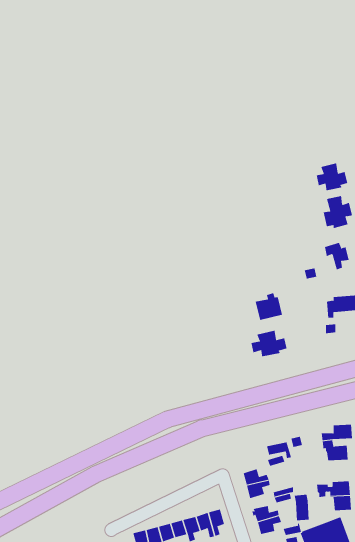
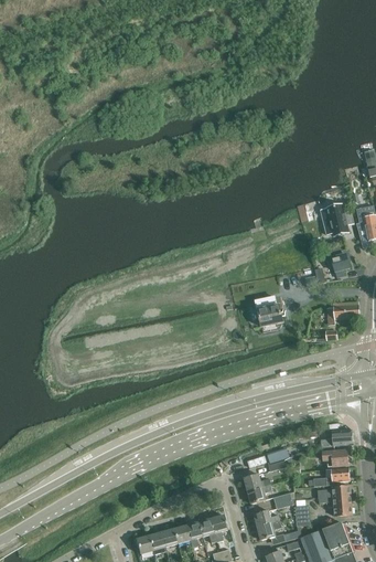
building: [316,163,348,191] -> none
building: [251,330,287,357] -> none
building: none -> [313,467,350,486]

